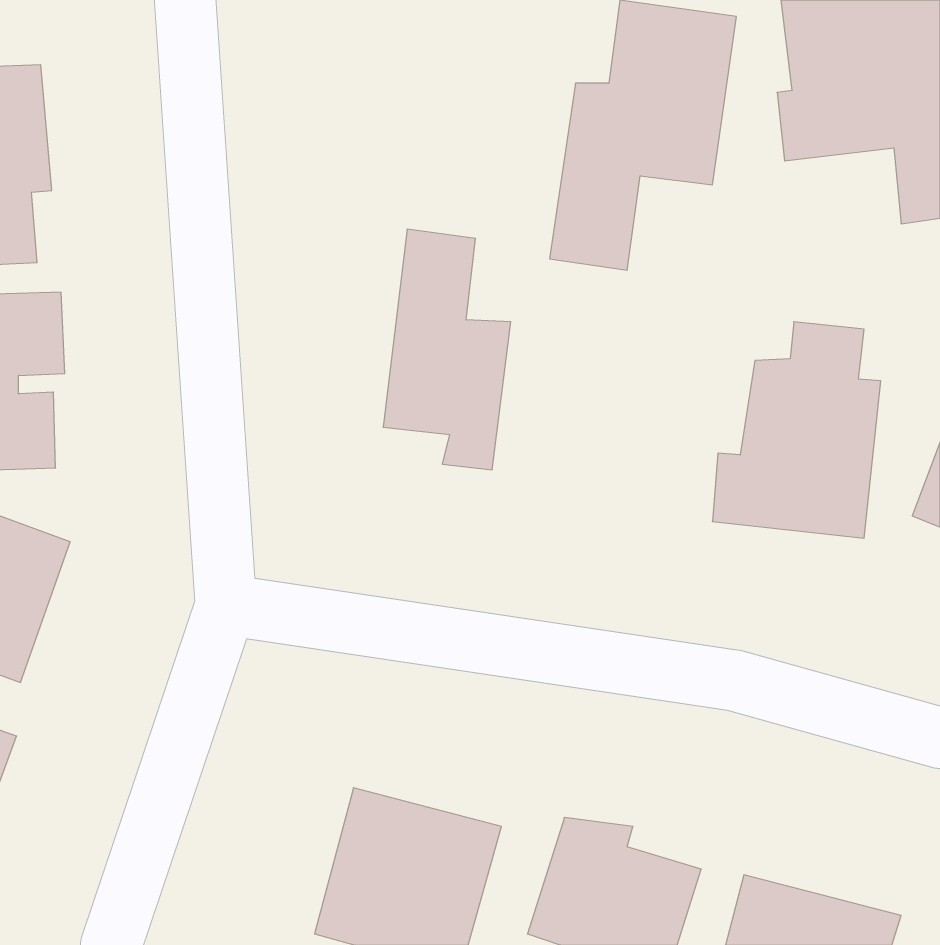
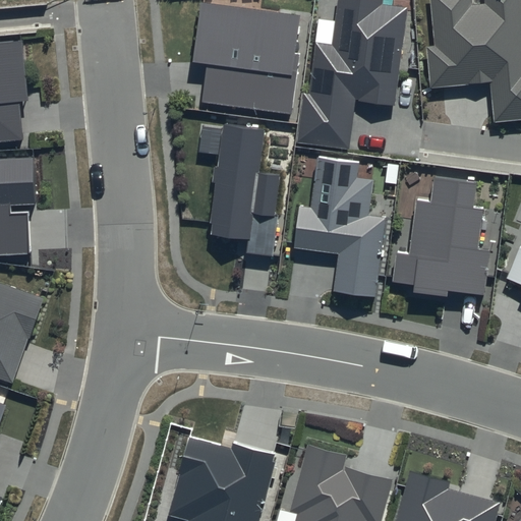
building: none -> [194,5,307,117]
building: none -> [293,154,377,301]

